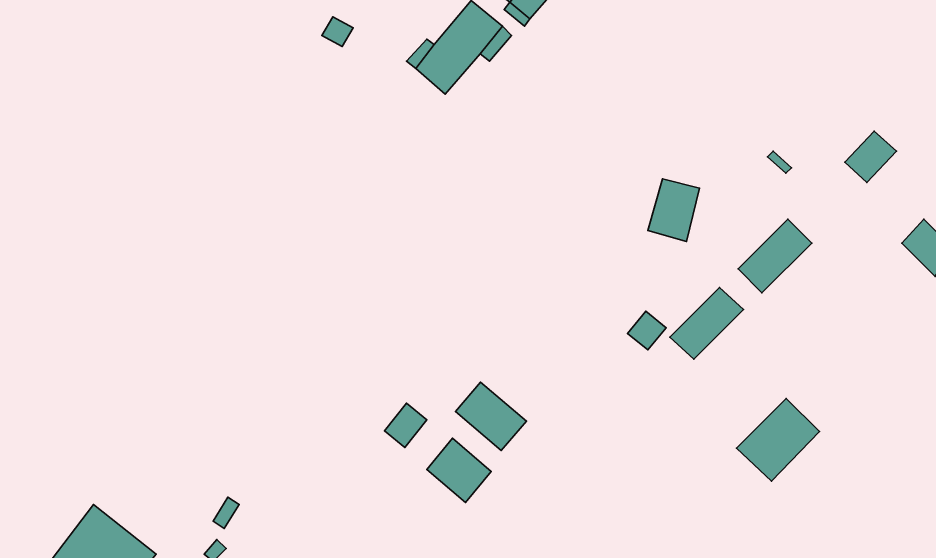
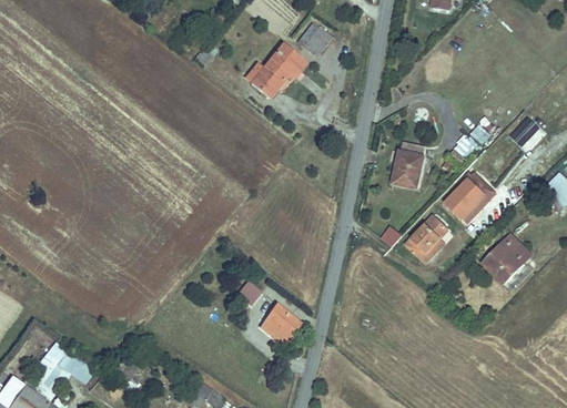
building: [455,382,526,451] -> none
building: [737,399,819,481] -> [482,234,531,284]

